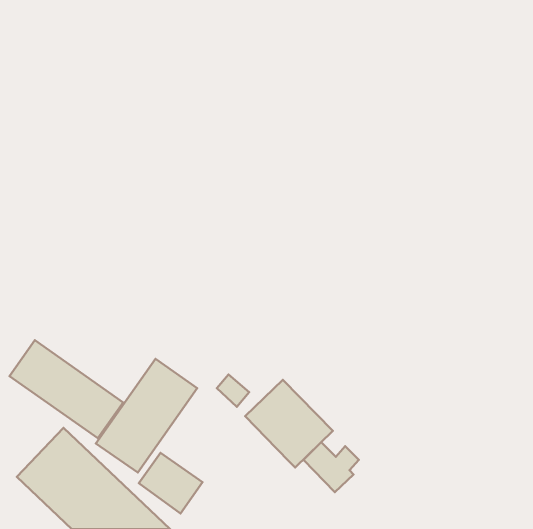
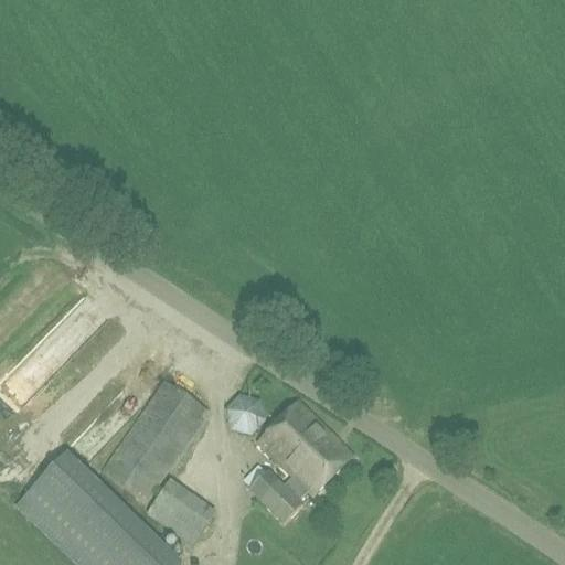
building: [10,340,123,438] -> none
building: [304,442,359,492] -> [248,470,307,523]

